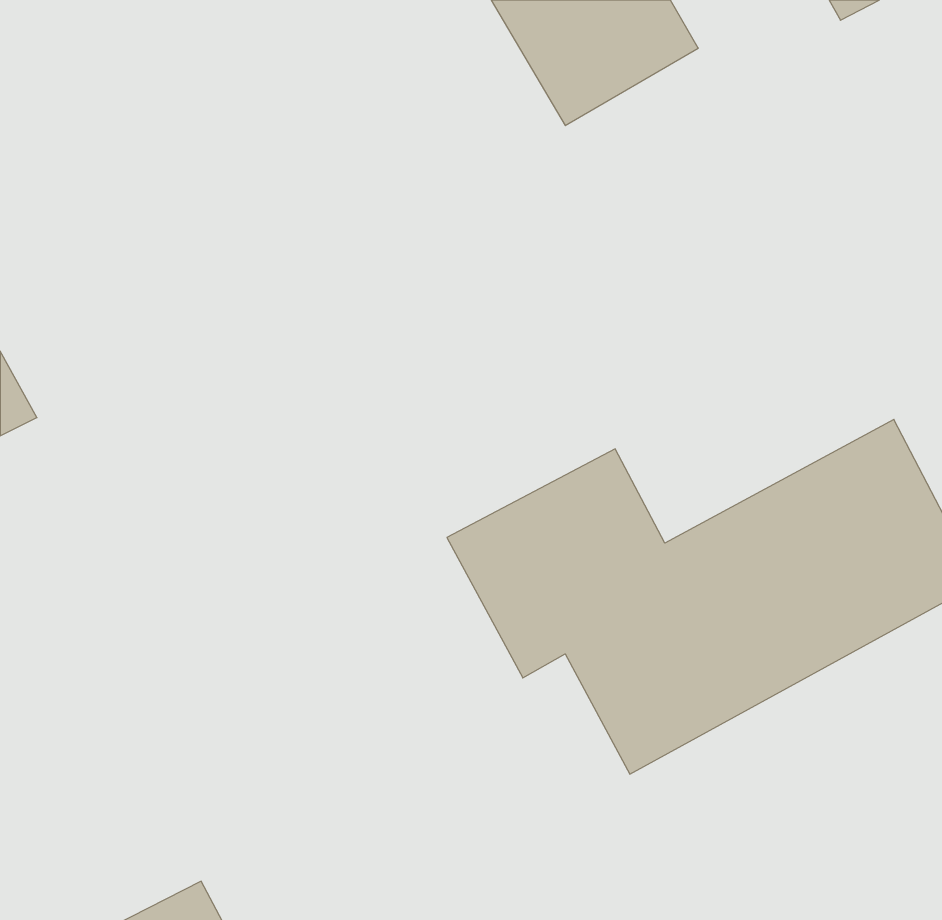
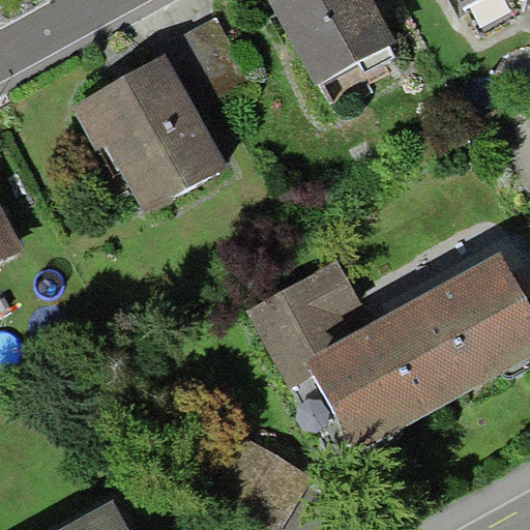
building: none -> [75,56,226,216]

